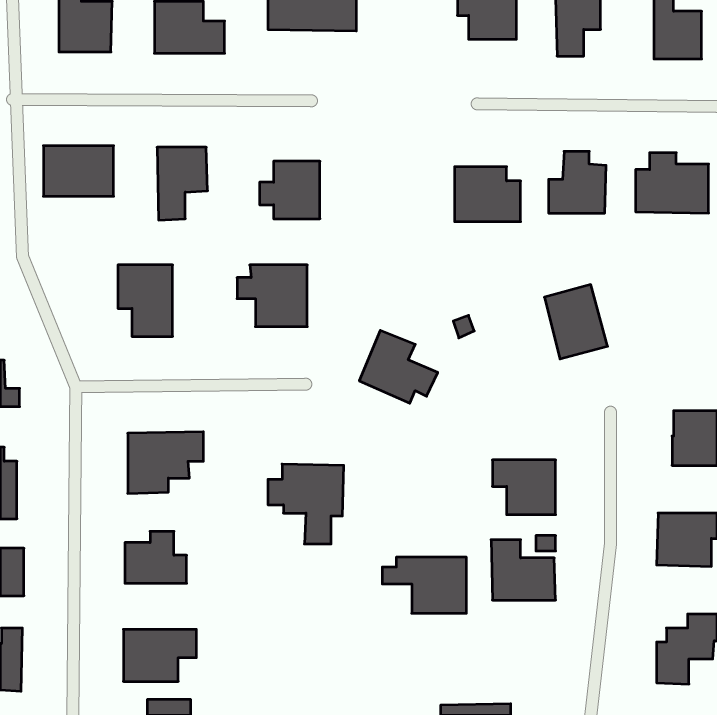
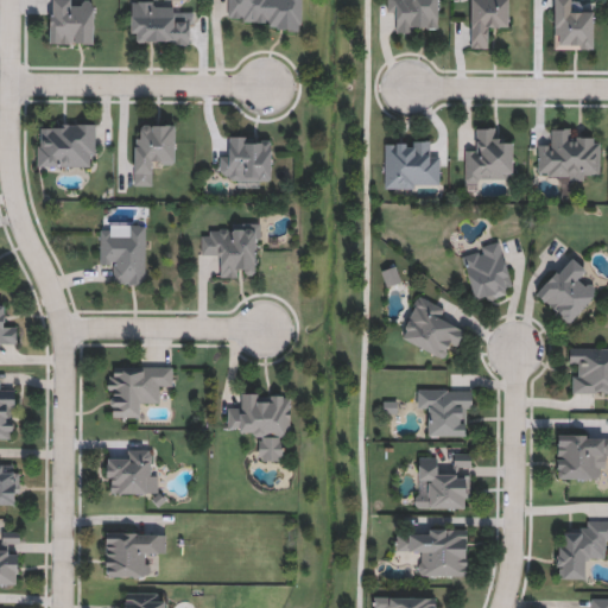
building: none -> [534,255,596,325]
building: [359,330,438,403] -> [399,296,466,357]
building: [382,557,466,613] -> [395,528,467,576]

